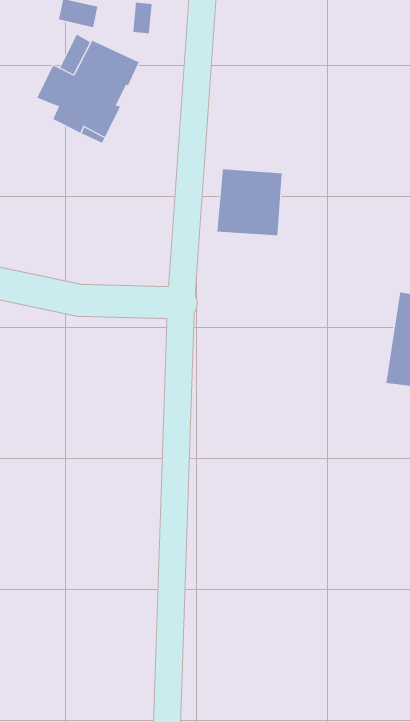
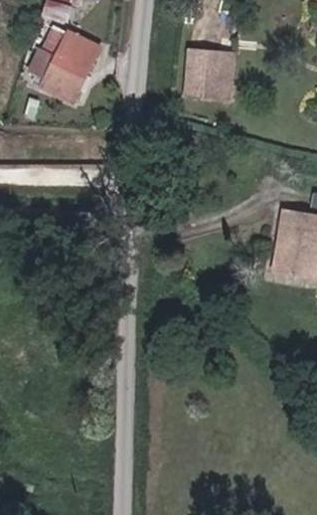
building: [217,169,282,236] -> [185,50,231,98]

